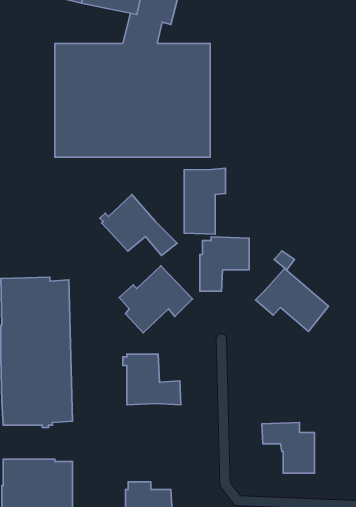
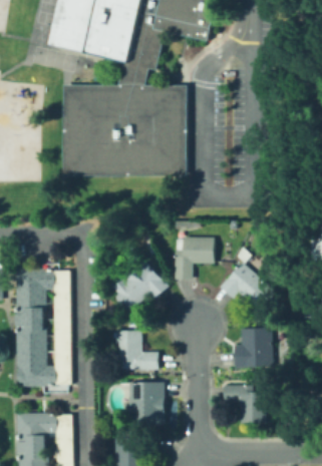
building: [184,168,225,234] -> none
building: [100,195,177,255] -> none
building: none -> [235,328,274,369]
building: none -> [129,382,165,425]

